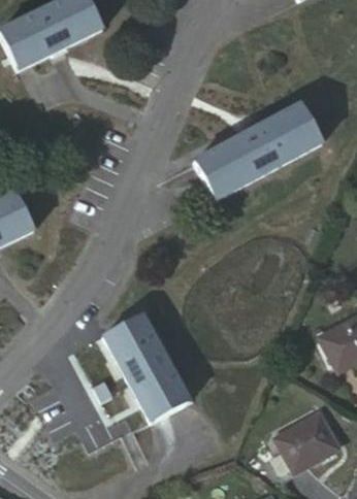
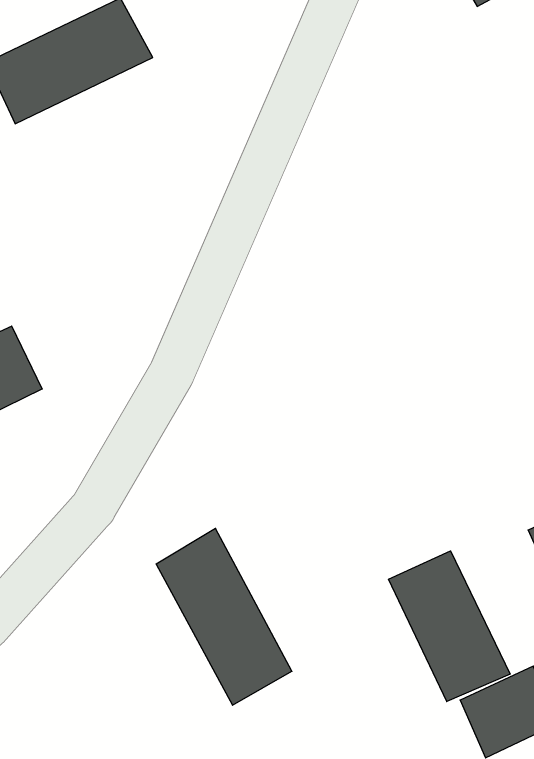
building: [189,113,317,208] -> none
building: none -> [388,551,510,702]

